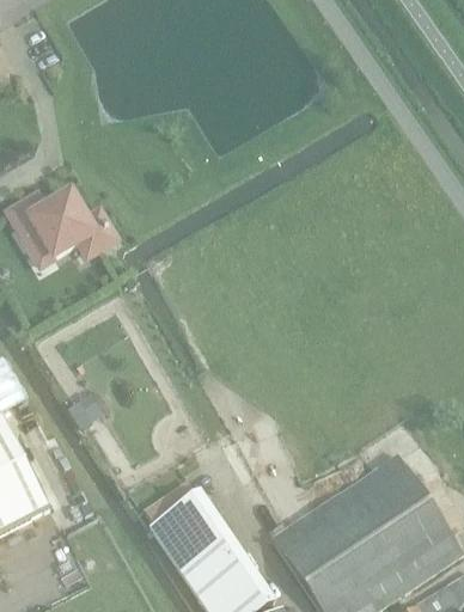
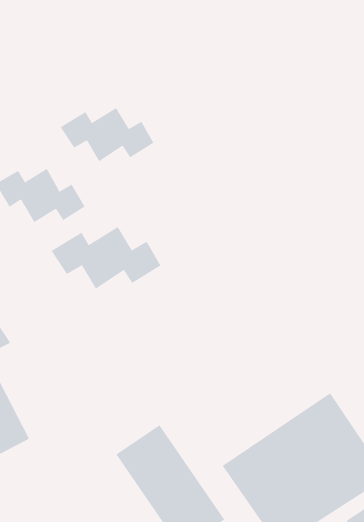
building: none -> [60,107,154,162]
building: none -> [51,226,161,289]

